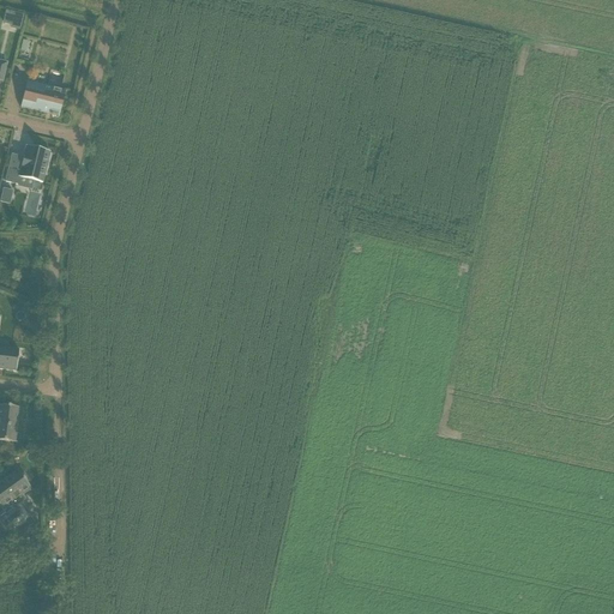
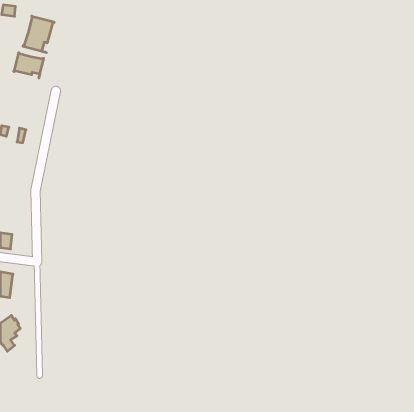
building: none -> [23,16,54,53]
building: [5,143,49,182] -> none

